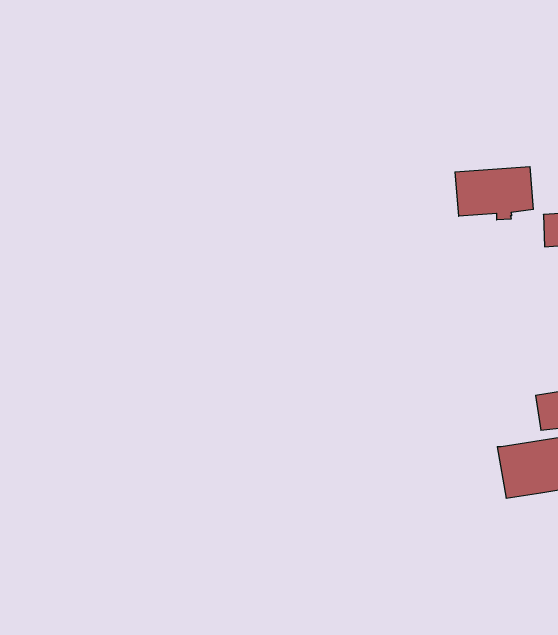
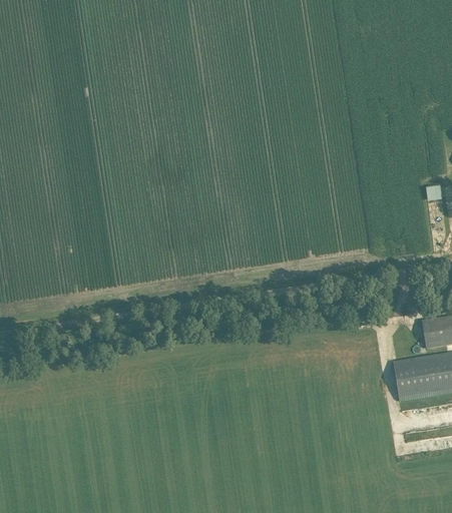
building: [455,167,533,220] -> none

